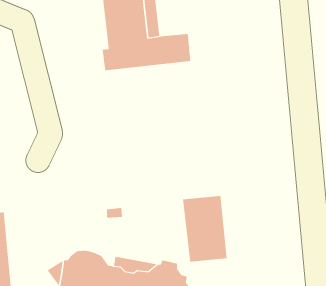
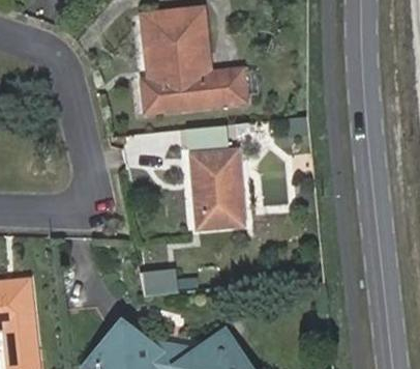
building: [182,196,227,262] -> [191,153,244,231]

